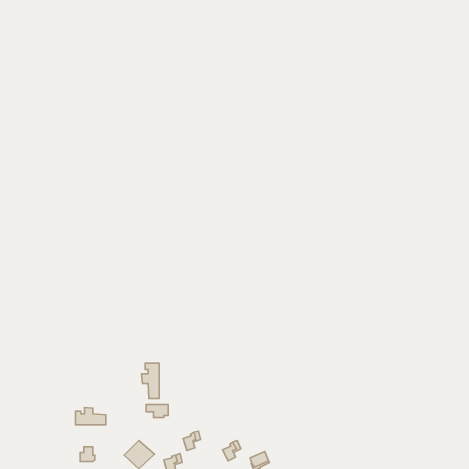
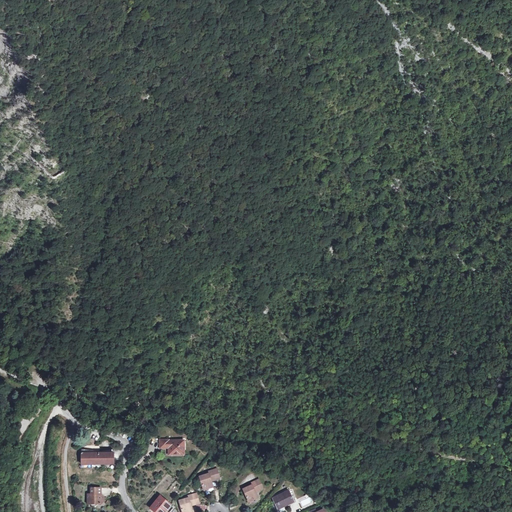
building: [141,363,159,398] -> none

